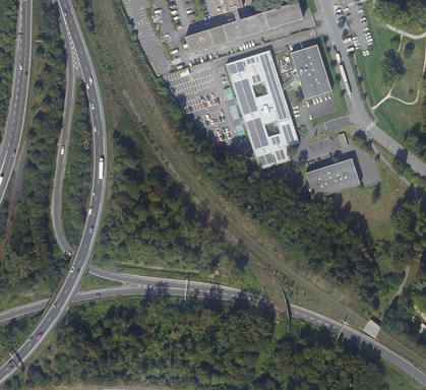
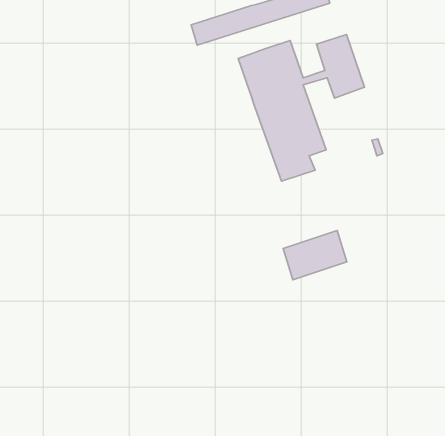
building: [306,156,360,198] -> [283,231,347,280]

